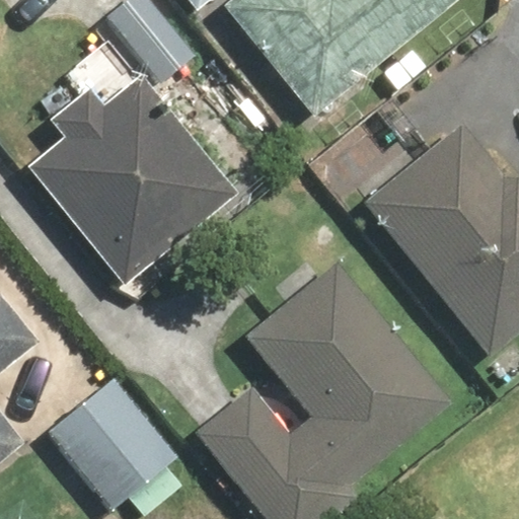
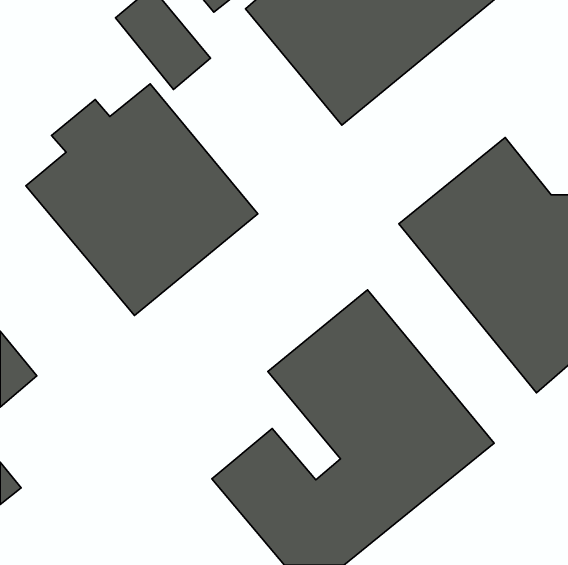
building: [51,380,176,508] -> none

